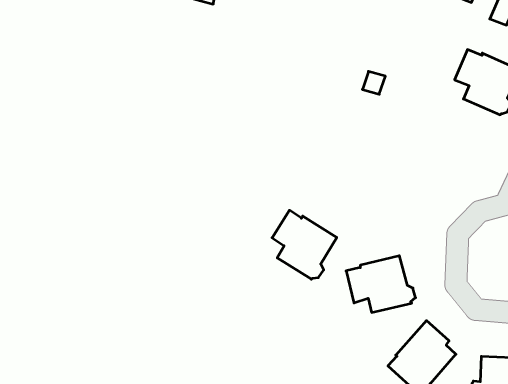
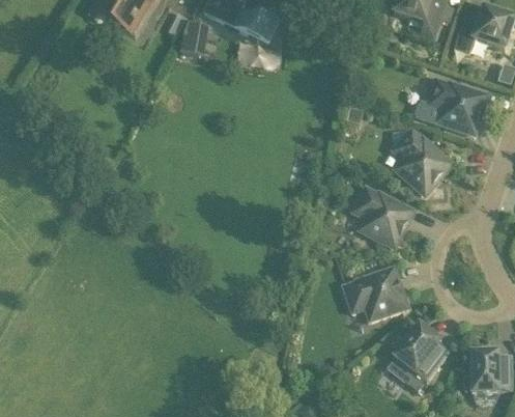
building: none -> [392,130,450,194]
building: [272,210,337,279] -> [352,188,410,248]

